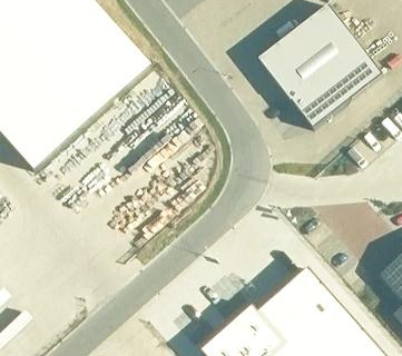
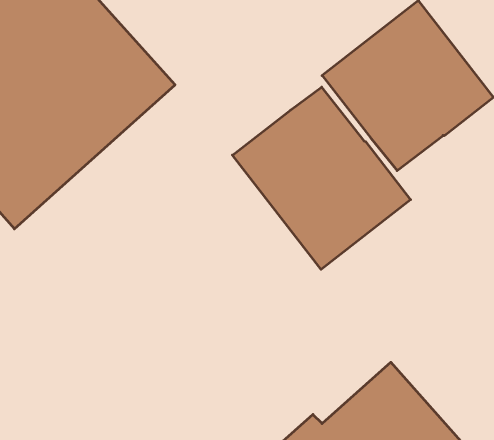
building: none -> [232,87,411,269]

